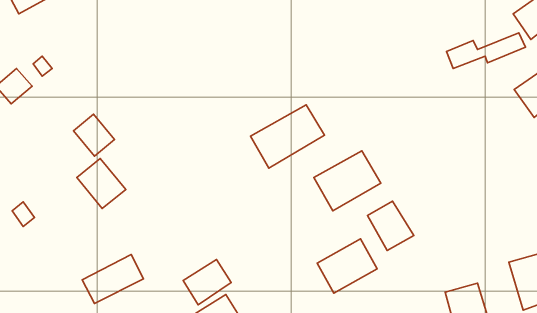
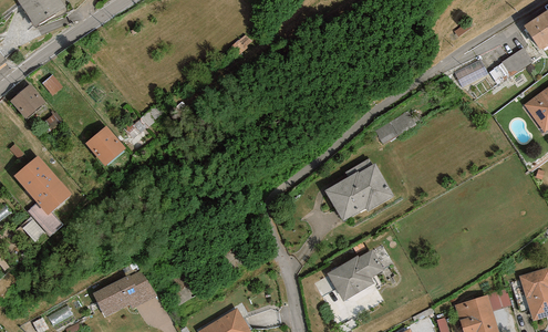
building: [251,105,325,168] -> none
building: [77,158,126,209] -> [19,163,68,212]
building: [368,201,414,251] -> none
building: [183,260,231,305] -> none

